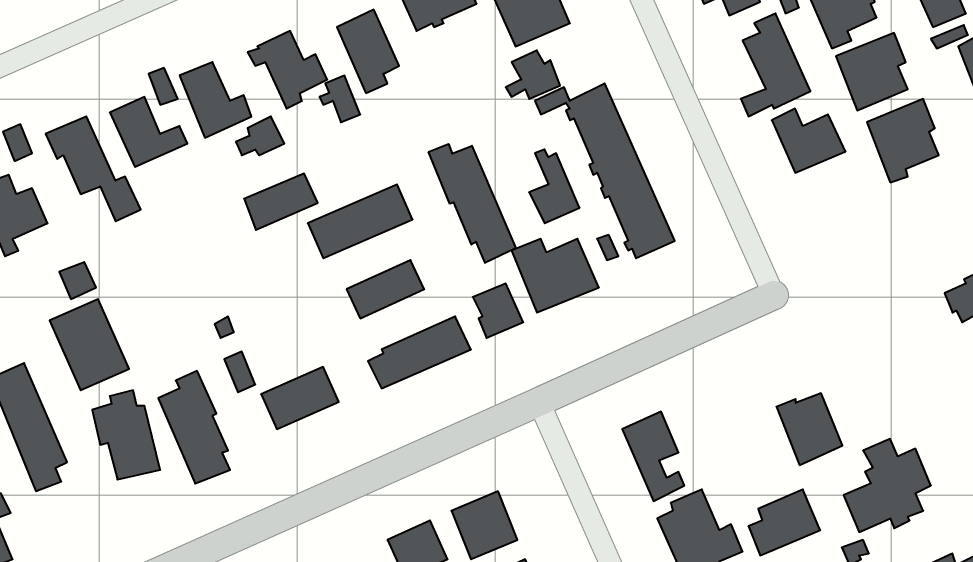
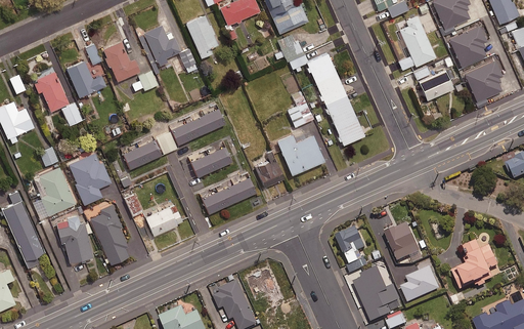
building: [429,144,516,263] -> none
building: [244,174,318,230] -> [123,139,162,169]
building: none -> [68,153,111,204]
building: [776,393,842,465] -> [385,223,420,261]

